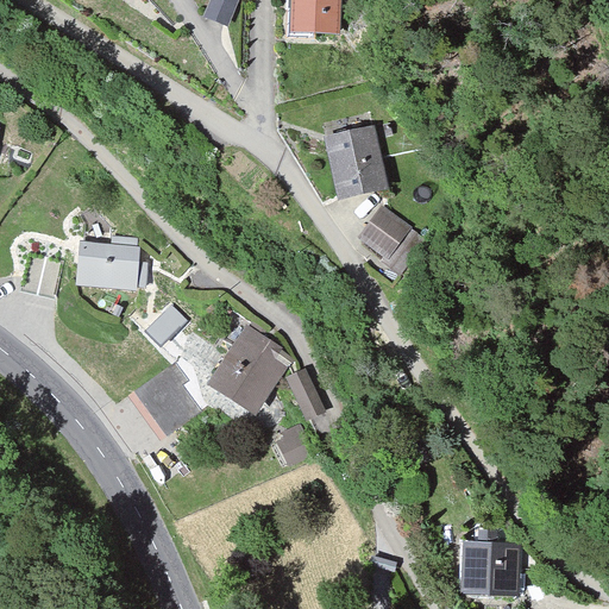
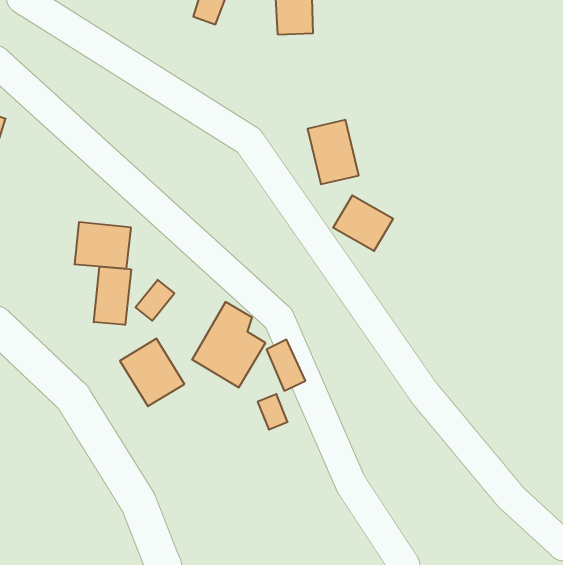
building: none -> [94,267,131,325]
building: [457,538,513,596] -> none

